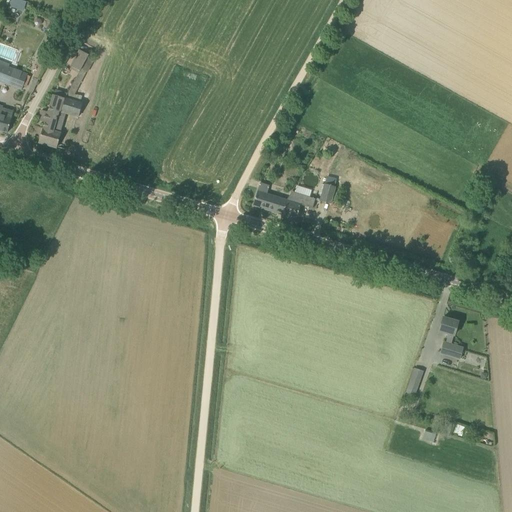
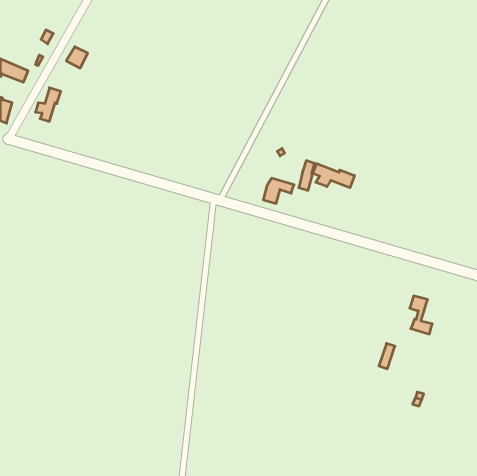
building: [39,97,82,146] -> none
building: none -> [313,164,354,188]
building: [253,182,286,214] -> none

